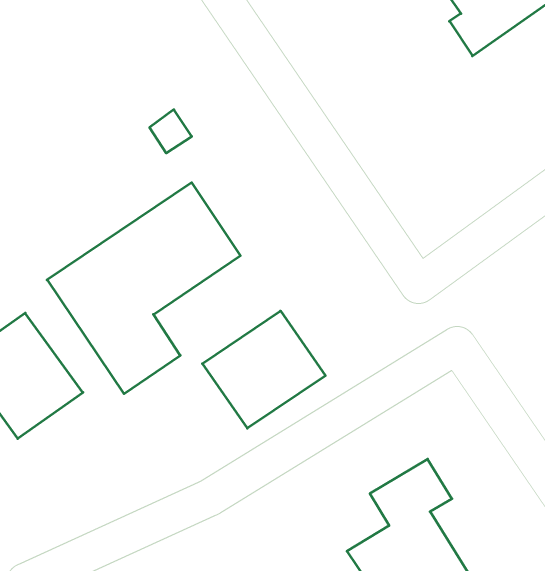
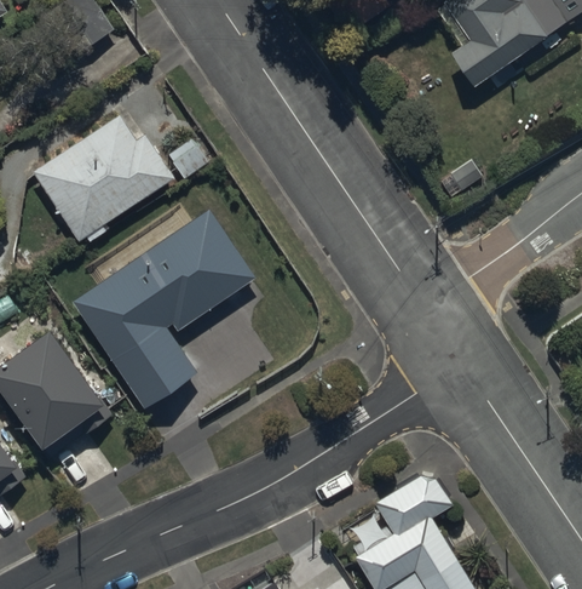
building: none -> [33,116,174,242]
building: [202,311,325,428] -> none

